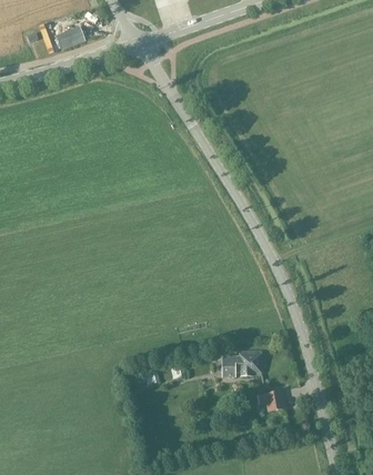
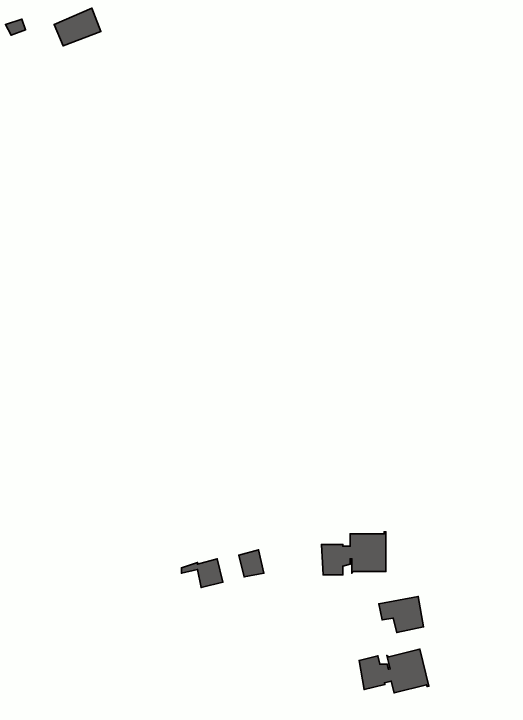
building: none -> [359,649,429,693]

